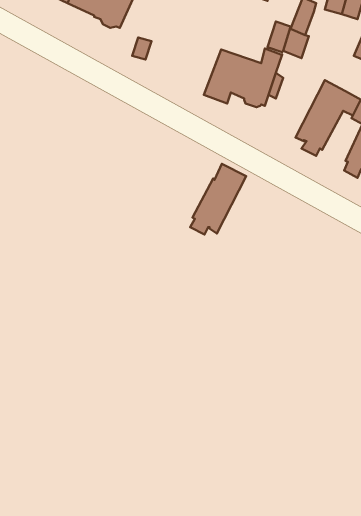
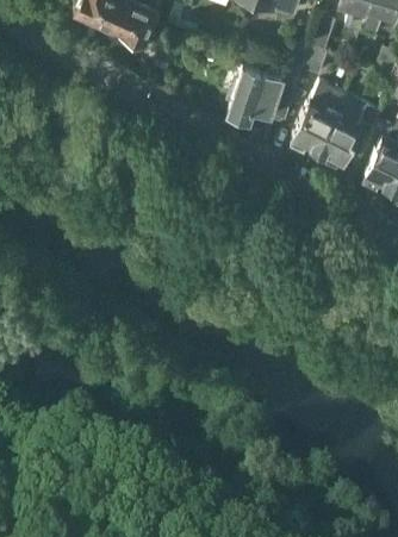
building: [190,164,246,235] -> [291,83,346,152]

